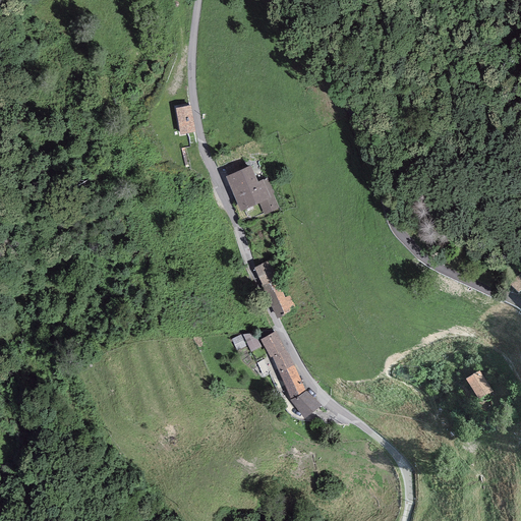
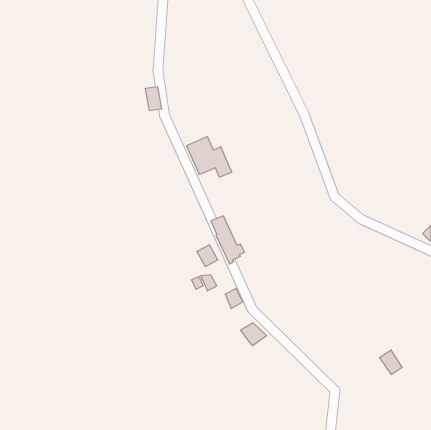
building: [259,330,285,356] -> [197,245,218,267]
building: [279,364,305,398] -> none
building: [465,369,493,399] -> [379,350,402,375]

